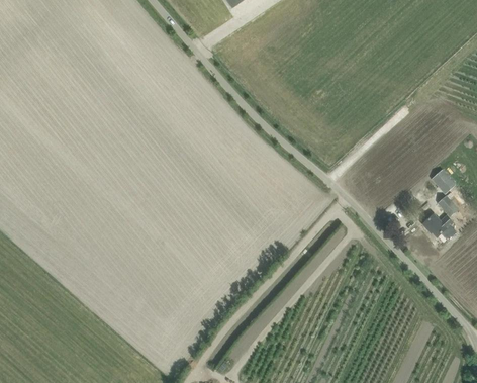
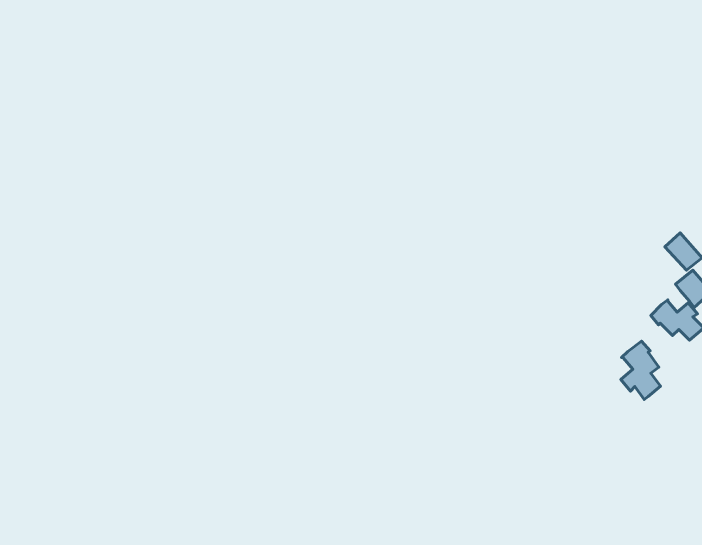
building: none -> [621,341,660,399]

